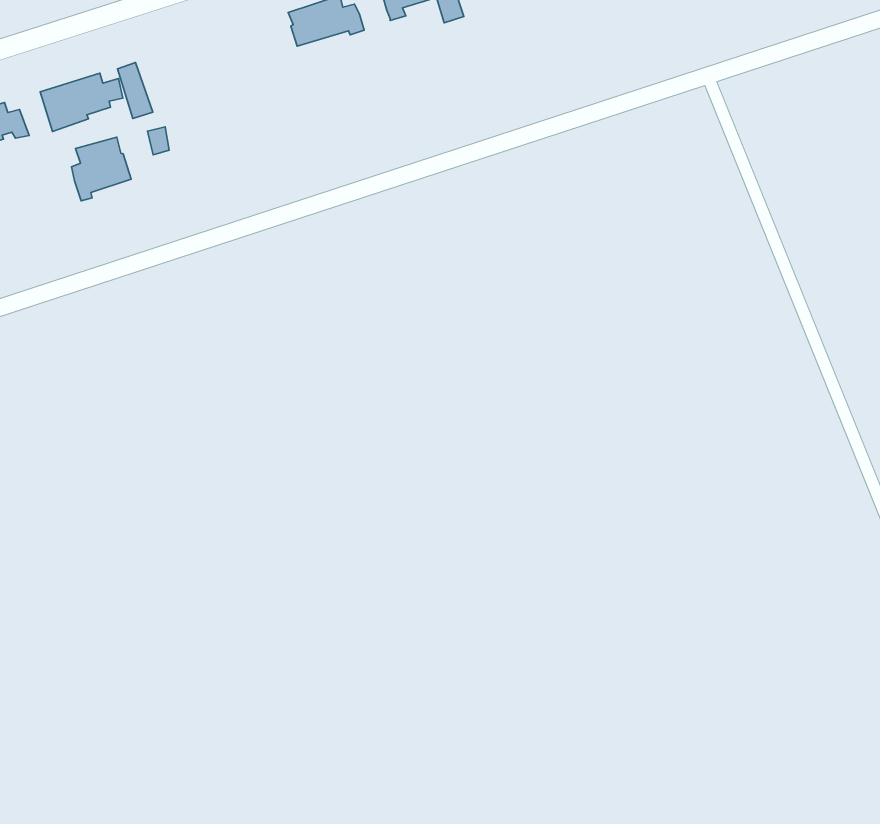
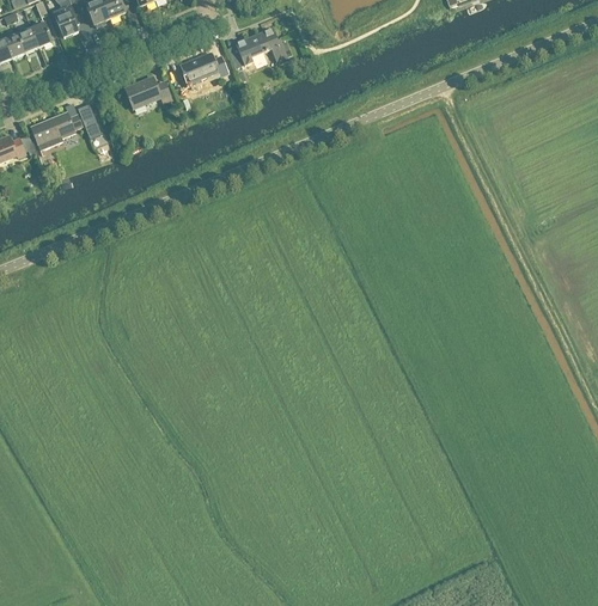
building: none -> [124,75,171,108]
building: [72,137,131,201] -> none

